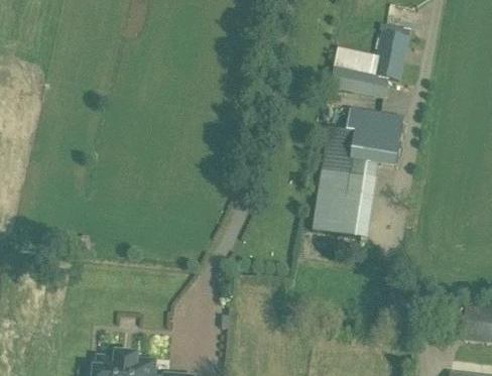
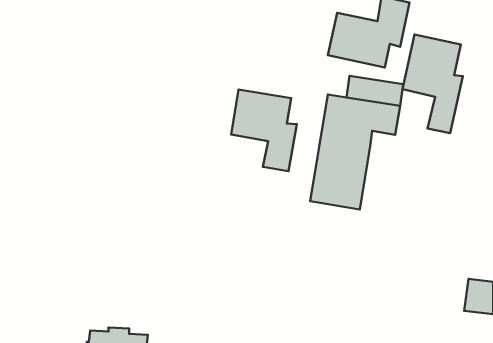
building: none -> [403,34,463,133]
building: none -> [231,90,297,171]

